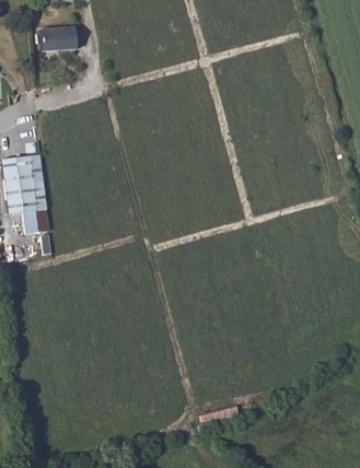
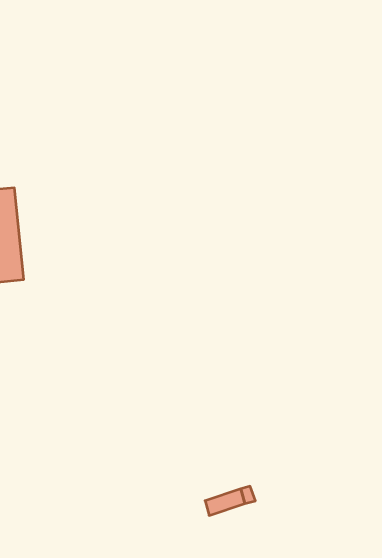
building: [40,25,76,49] -> none

